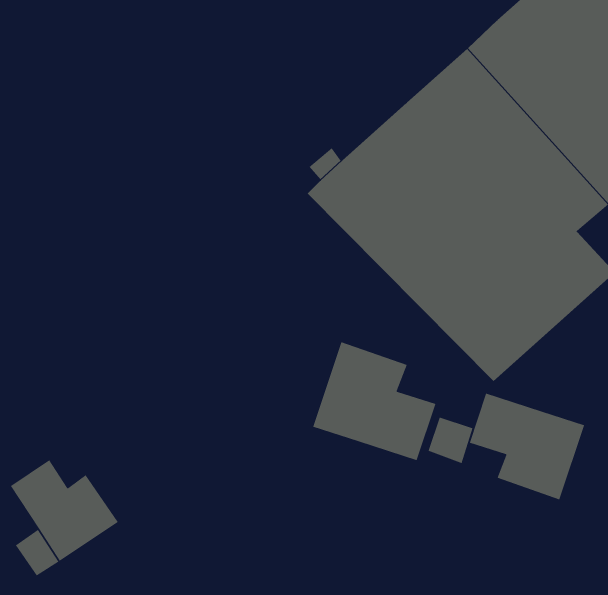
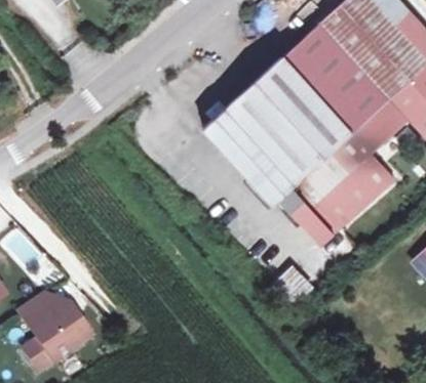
building: [312,341,436,461] -> none
building: [469,393,585,501] -> none

